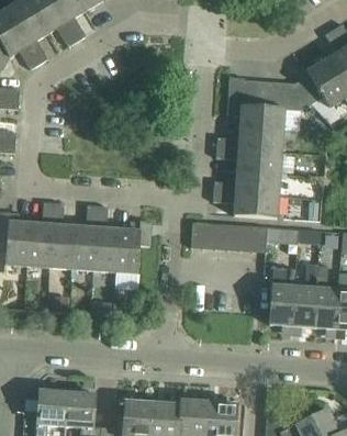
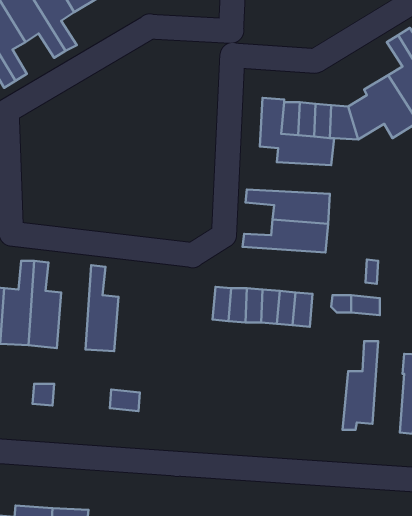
building: [216,126,281,150] -> none
building: [212,191,277,217] -> none
building: [70,205,97,270] -> none
building: [114,221,150,273] -> none
building: [313,264,337,334] -> none
building: [268,268,295,332] -> none

